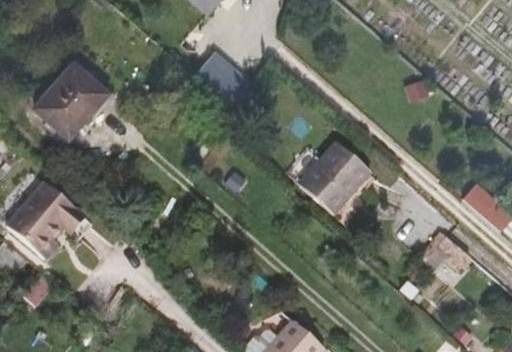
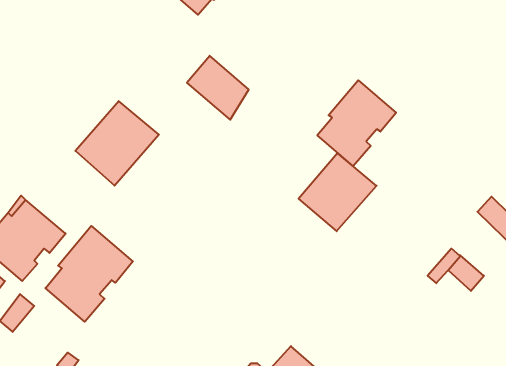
building: [33,62,110,140] -> [75,101,159,186]
building: none -> [317,80,396,166]
building: none -> [45,226,133,322]

